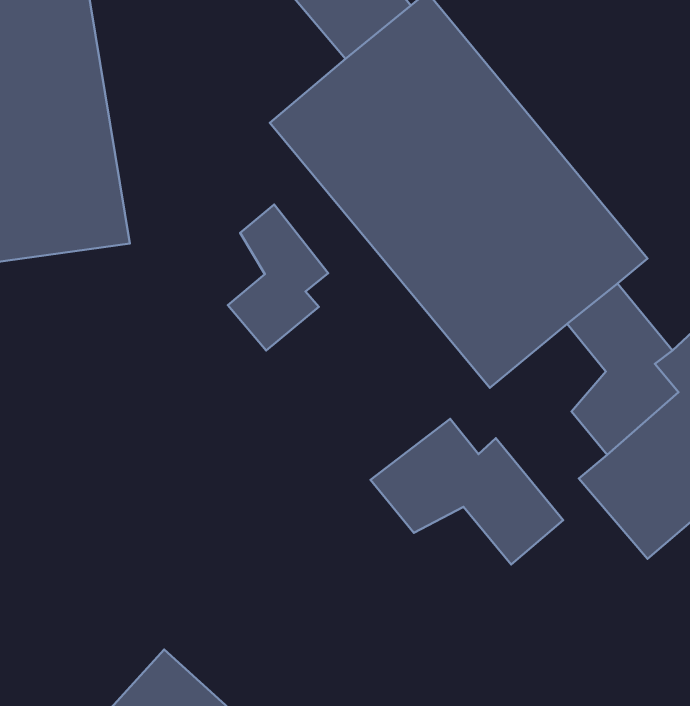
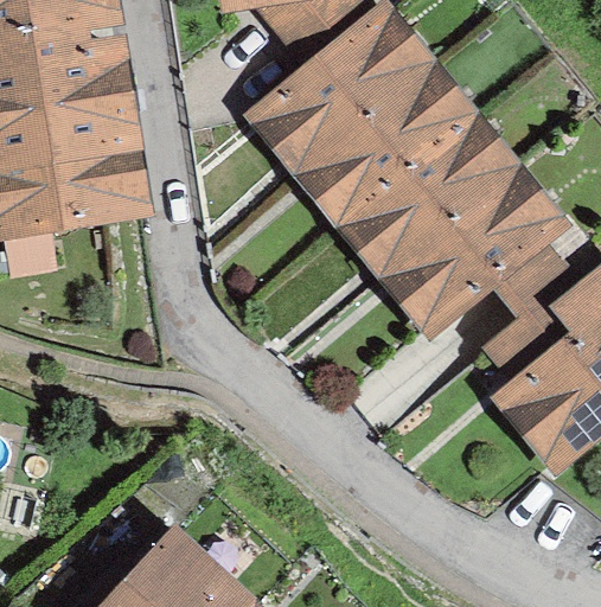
building: [228,205,328,351] -> none
building: [370,419,563,565] -> none

